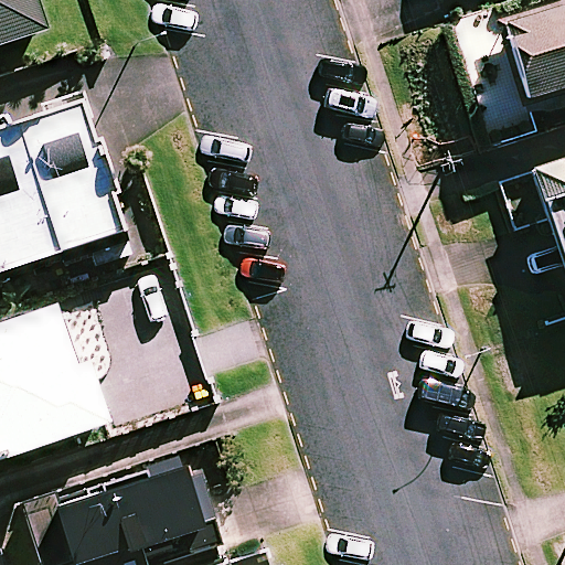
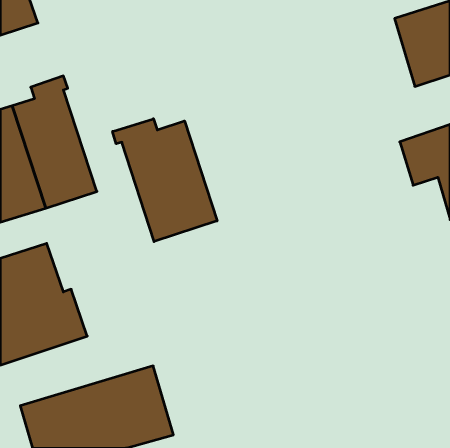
building: none -> [113,119,217,242]

